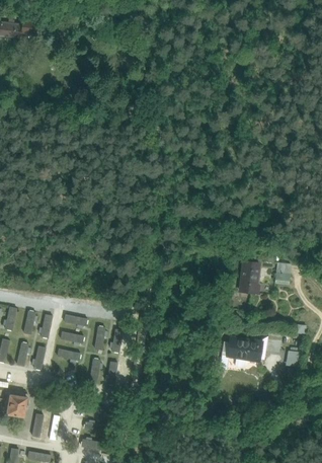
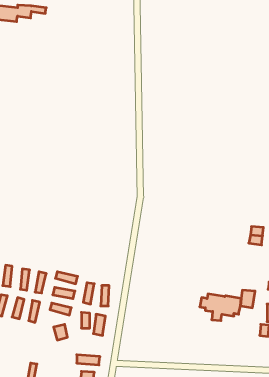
building: [239,260,258,294] -> none
building: [6,391,28,417] -> none

